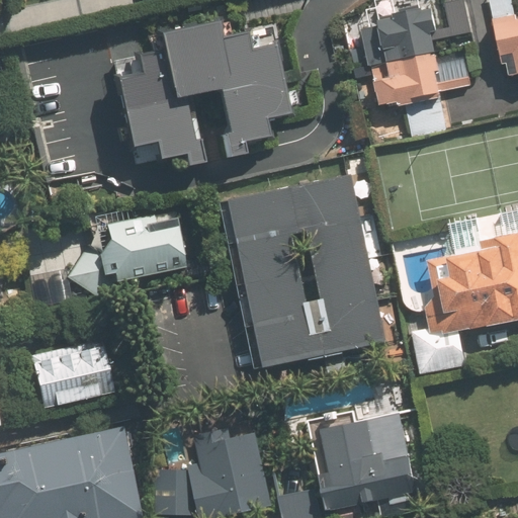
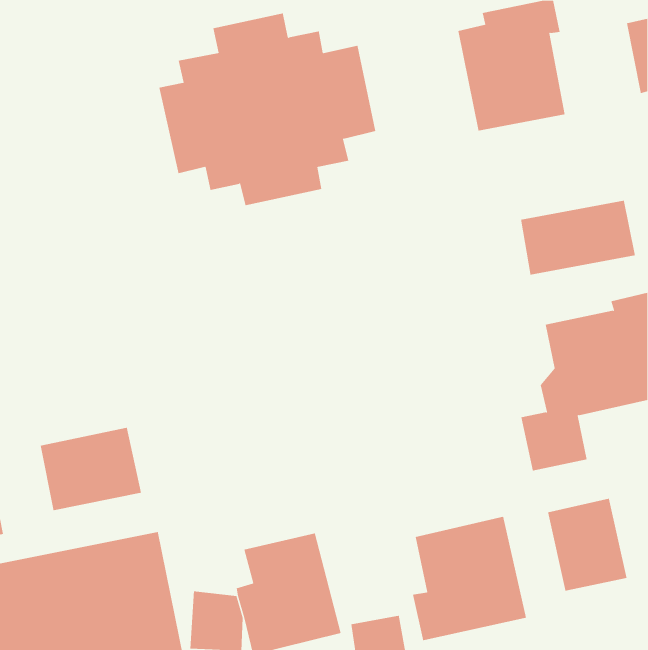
building: none -> [521,200,635,276]
building: [232,177,382,366] -> none
building: [62,218,183,296] -> none
building: none -> [548,498,627,592]

